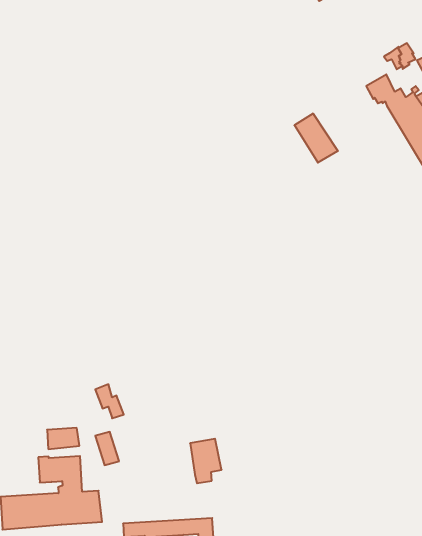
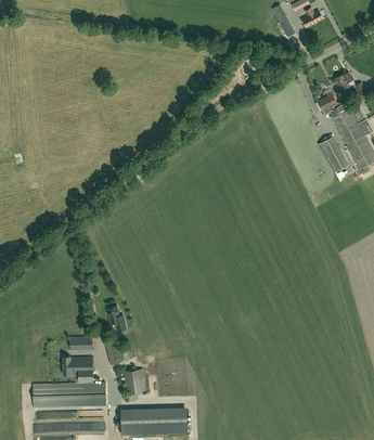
building: [294,114,338,163] -> [319,137,349,172]
building: [190,439,222,483] -> [125,370,146,401]

